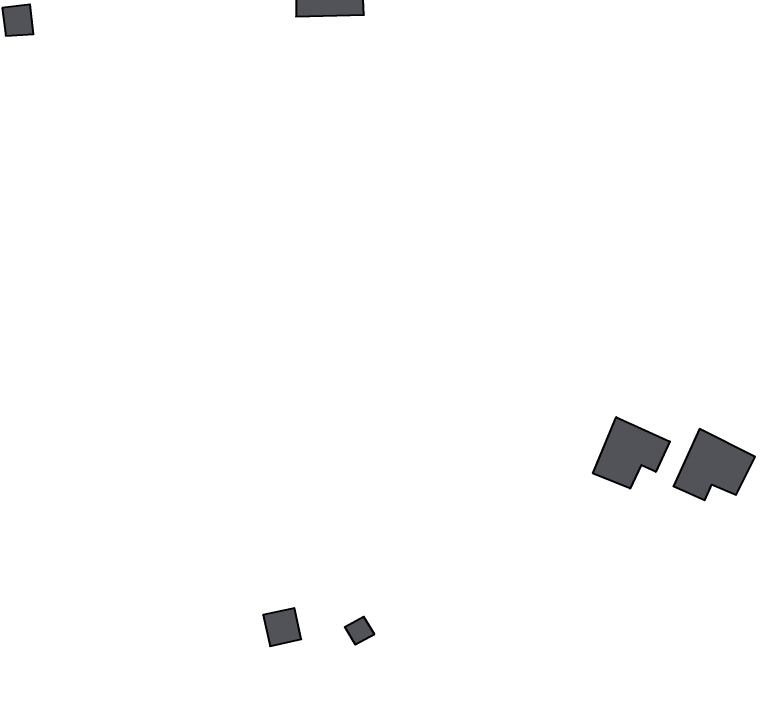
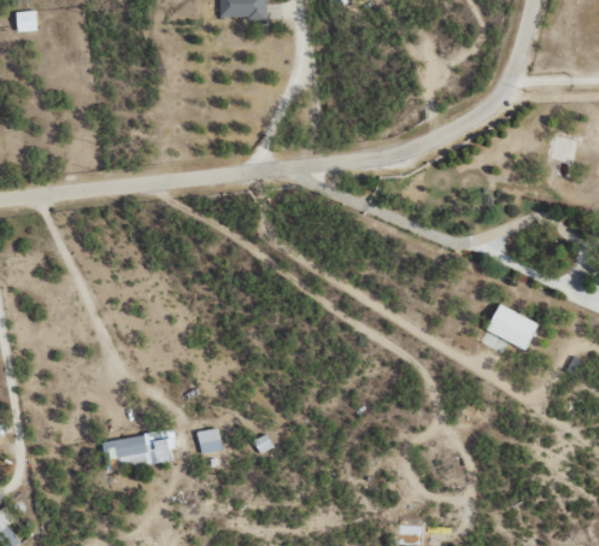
building: [593,417,670,489] -> none
building: none -> [101,430,170,469]

